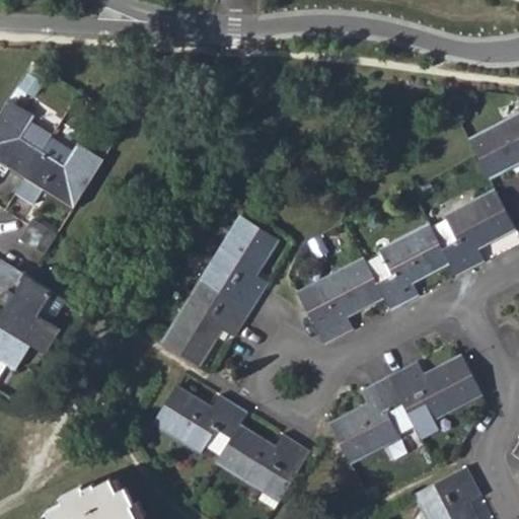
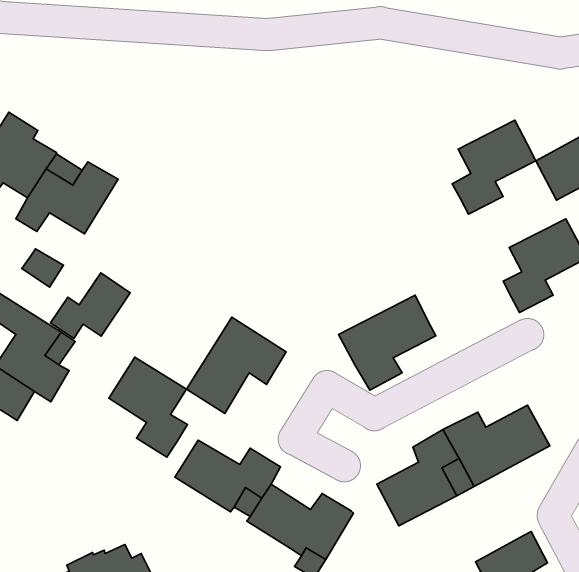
building: [203,218,275,310] -> none
building: [374,227,447,309] -> [452,120,536,214]
building: none -> [51,273,130,338]
building: none -> [109,357,187,457]

